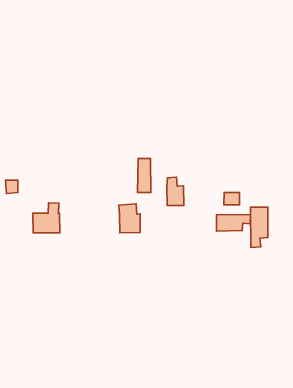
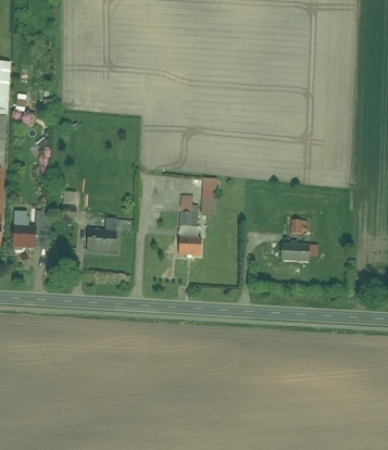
building: [167,177,184,206] -> [179,196,198,226]
building: [250,207,268,248] -> none

